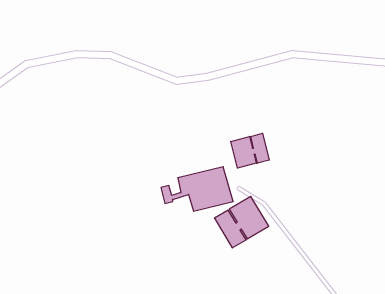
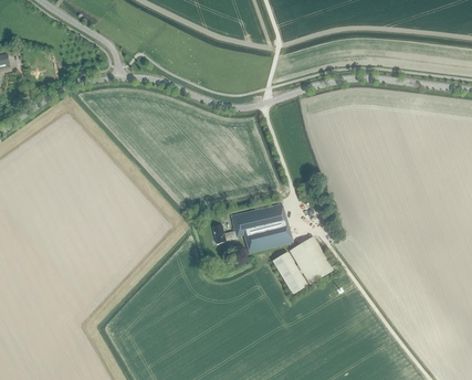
building: [231,133,269,168] -> none

